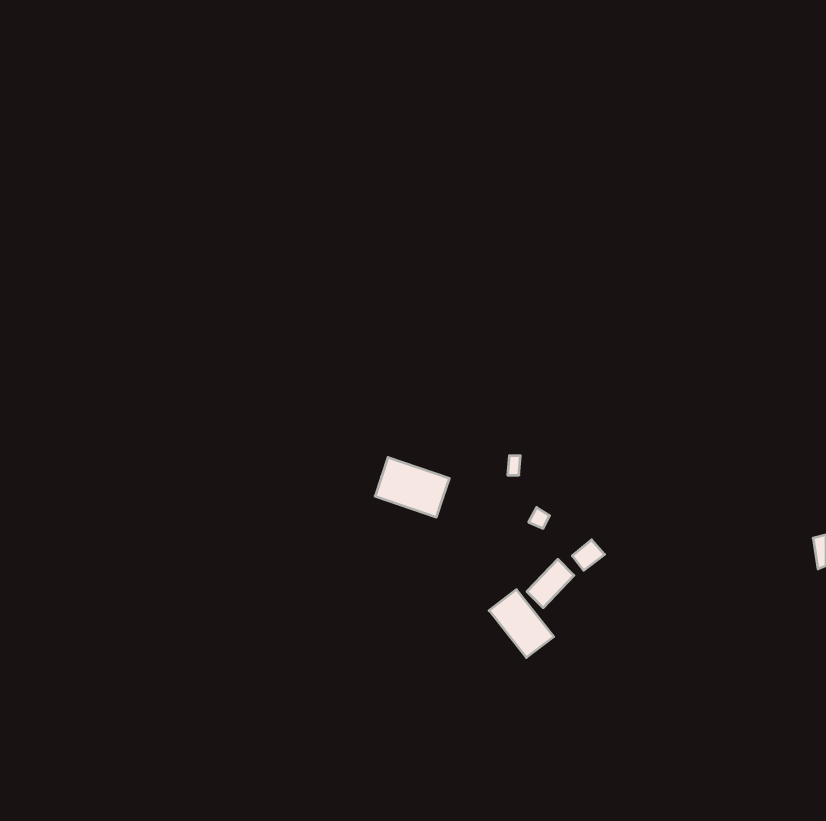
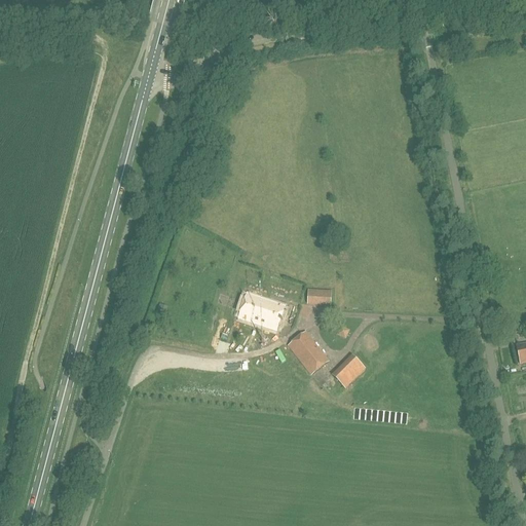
building: [489,590,554,658] -> [288,330,329,373]

